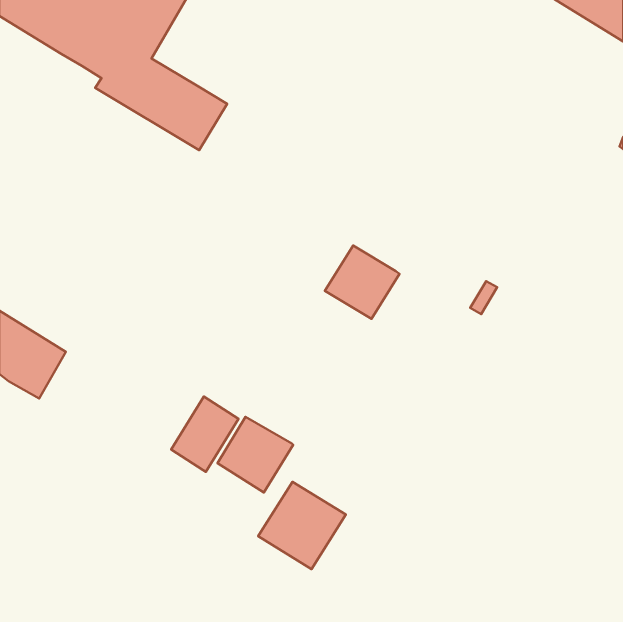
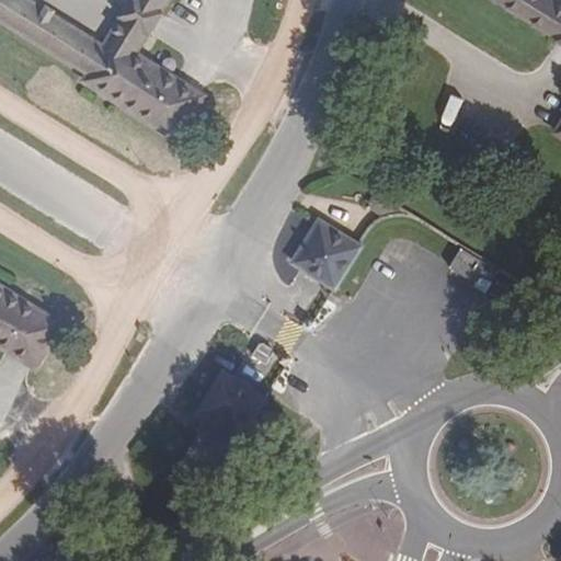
building: [171,397,238,472] -> none
building: [258,482,346,569] -> none

